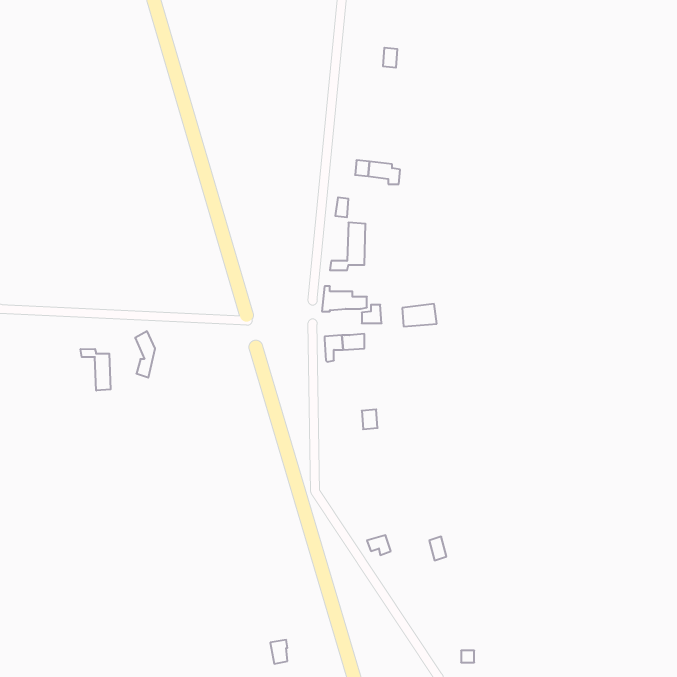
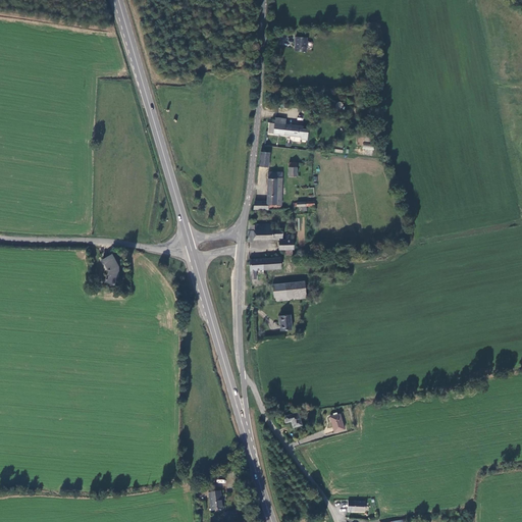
building: [402,304,437,326] -> [273,281,300,299]
building: [81,349,111,391] -> none

